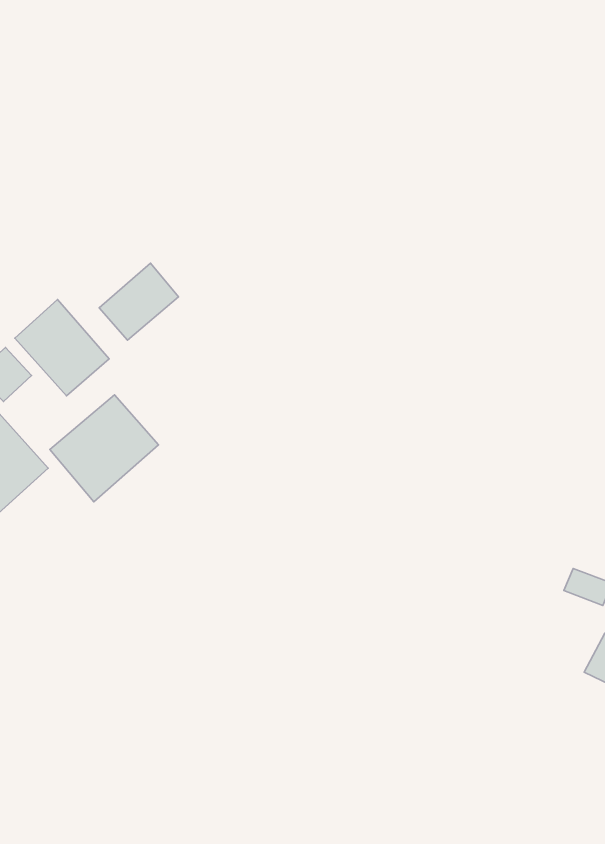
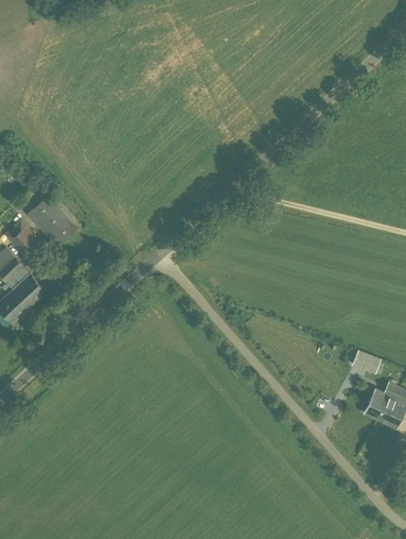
building: [99,263,178,340] -> none
building: [50,395,159,502] -> none

